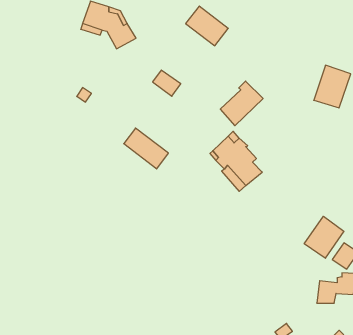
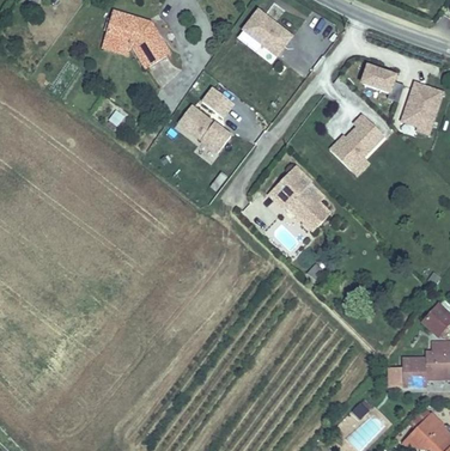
building: none -> [360,67,399,97]
building: [220,81,263,126] -> [335,117,388,172]
building: [124,128,168,169] -> [176,106,231,157]
building: [304,216,344,258] -> none

